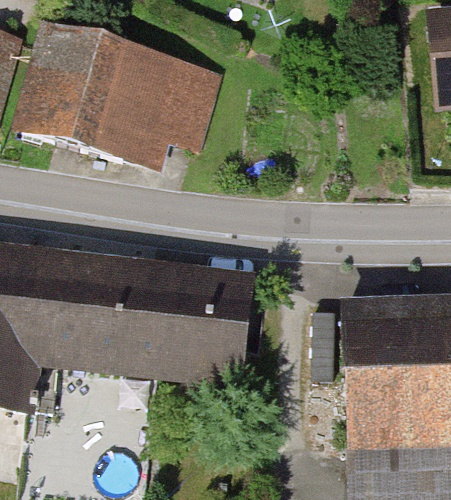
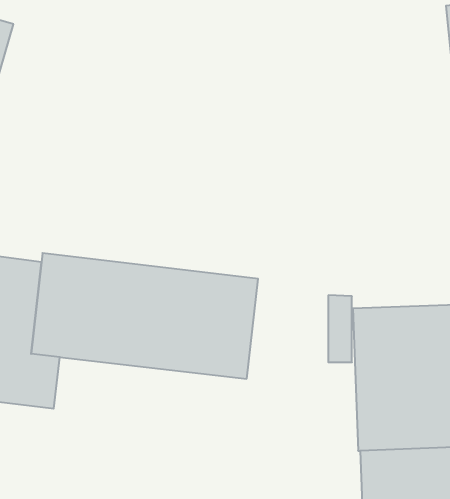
building: [24,21,214,155] -> none

